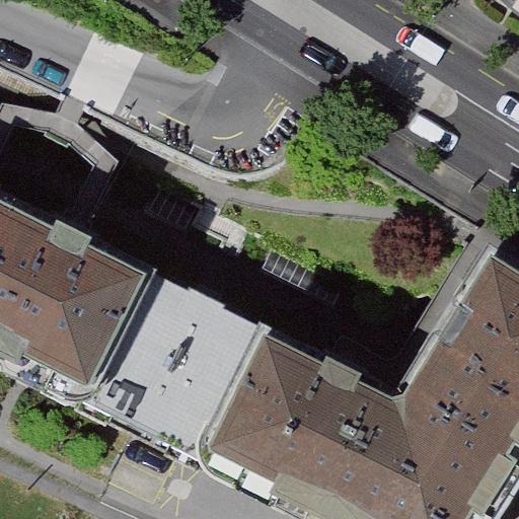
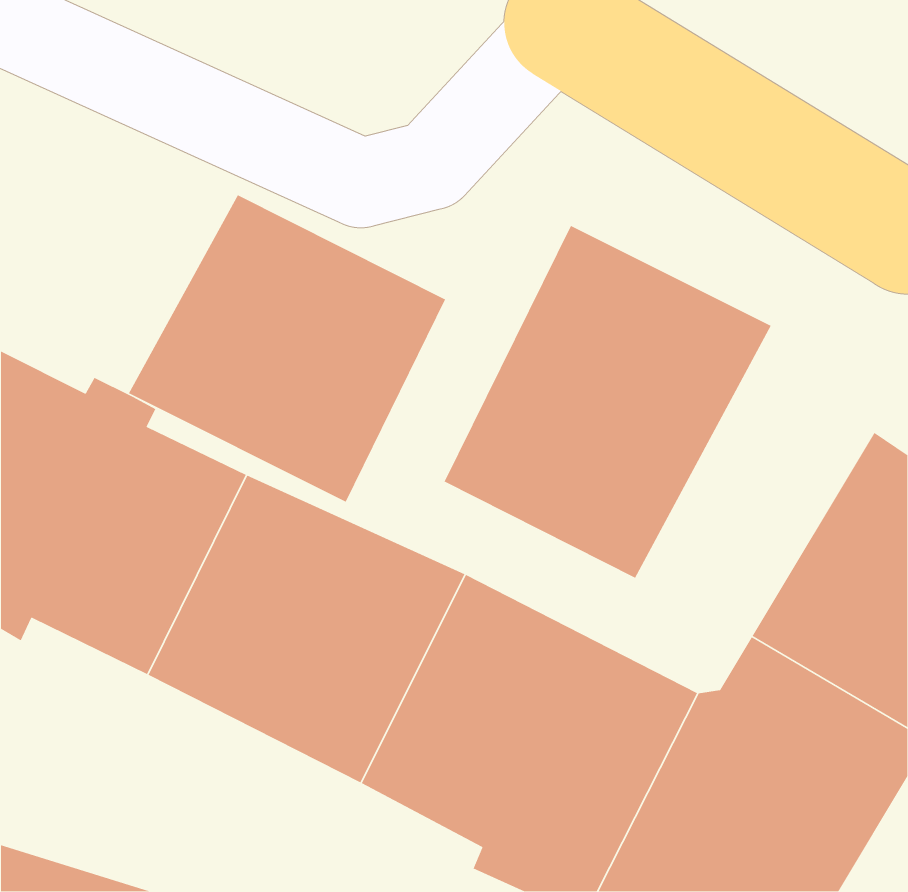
building: none -> [128,194,446,503]
building: none -> [444,225,772,579]

